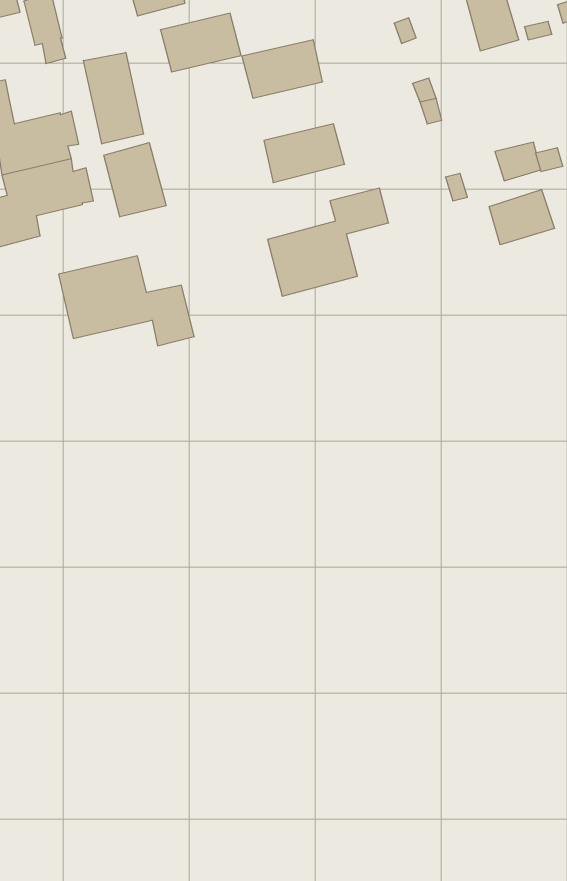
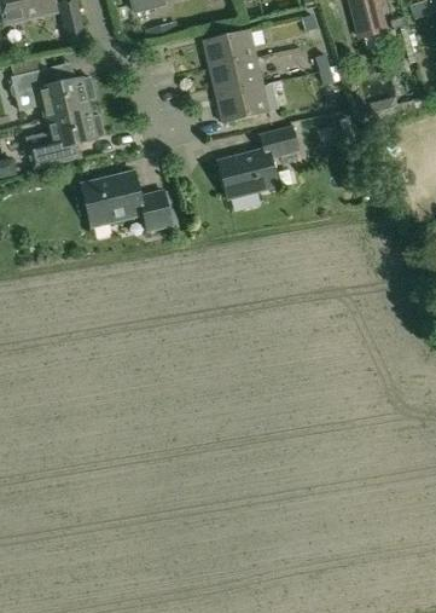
building: [160,13,241,72] -> [210,56,263,94]
building: [83,52,144,144] -> none
building: [104,143,166,217] -> none
building: [489,189,554,245] -> none

